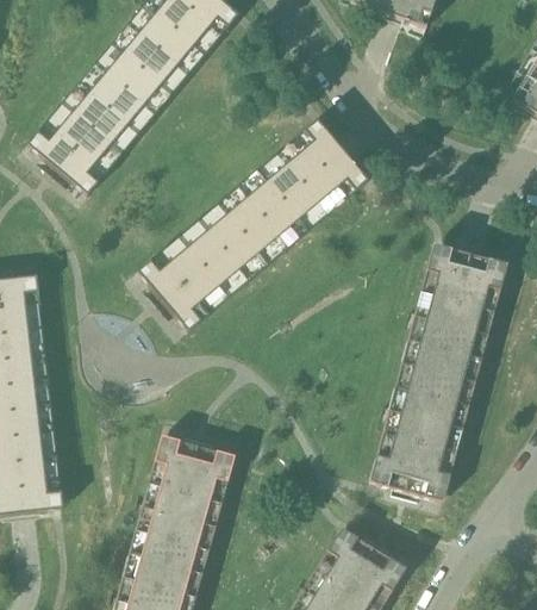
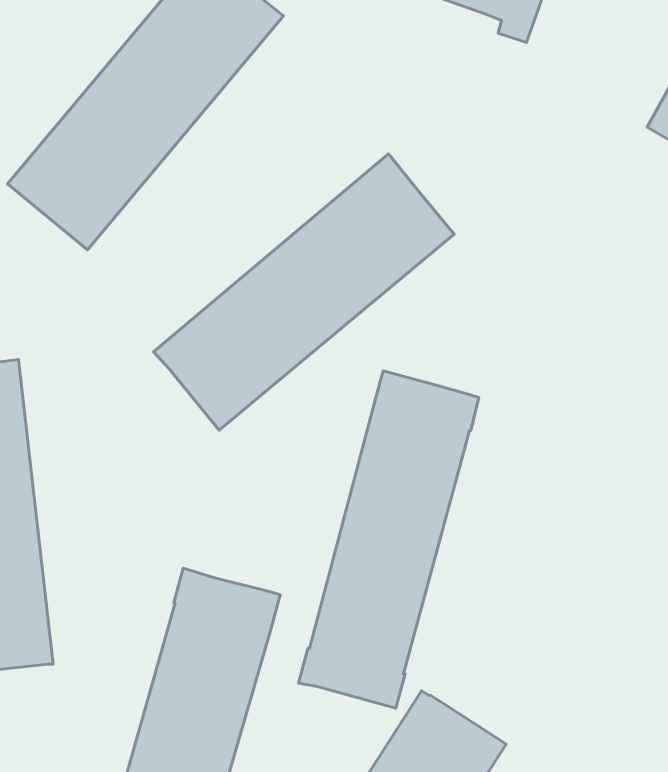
building: [371,243,508,499] -> [298,371,479,708]

